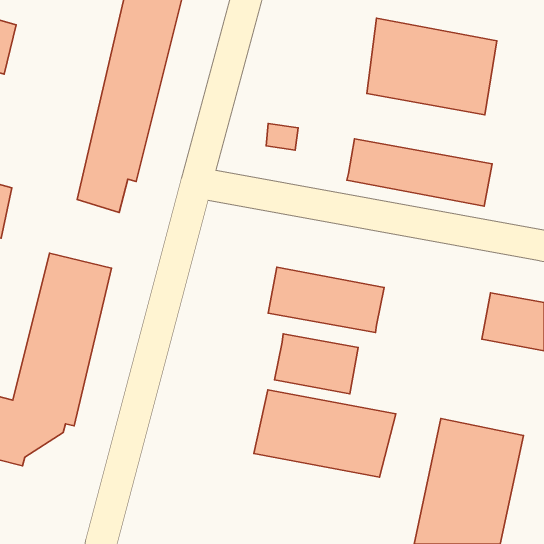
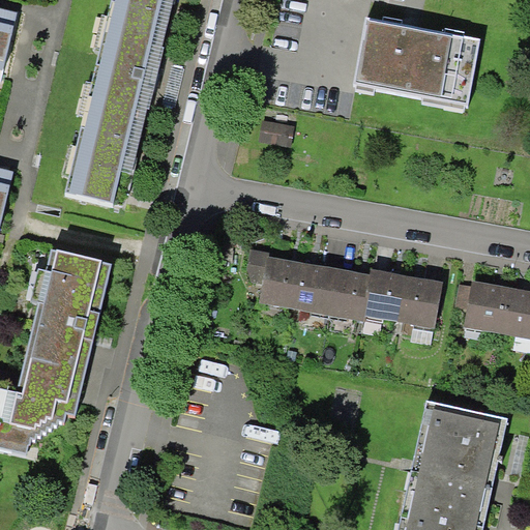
building: [347,139,492,206] -> none
building: [275,334,358,394] -> [363,269,444,327]
building: [254,390,396,477] -> none

